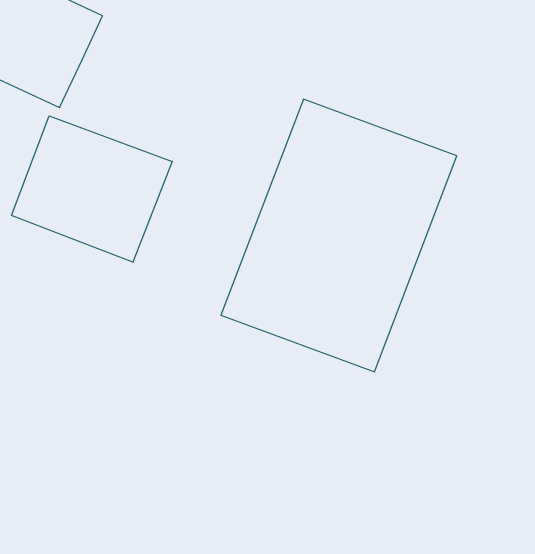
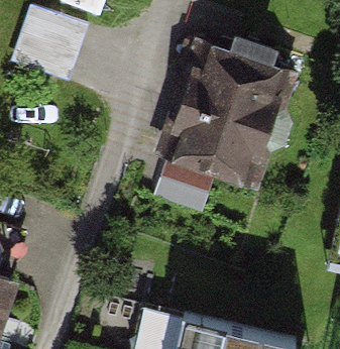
building: [11,116,172,262] -> none

